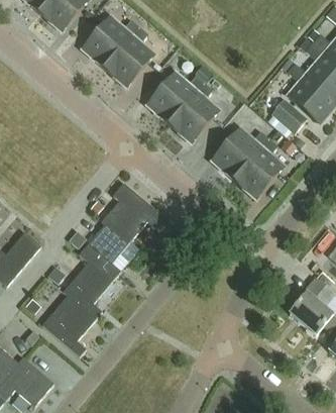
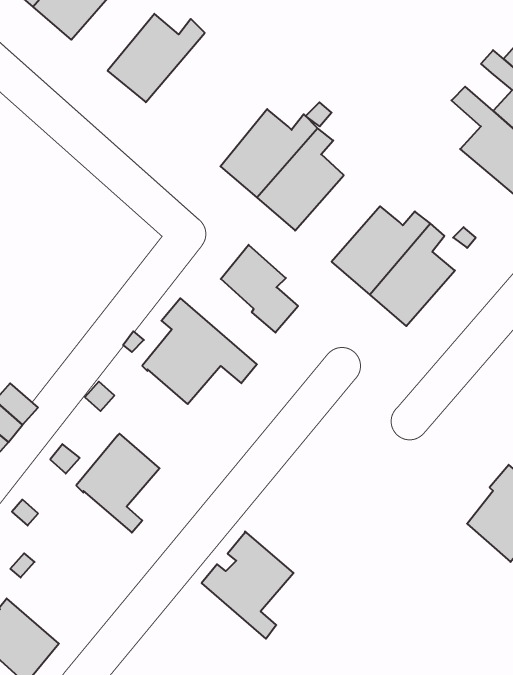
building: [104,26,153,86] -> none
building: [271,97,308,132] -> none
building: none -> [221,245,298,333]
building: [79,222,128,280] -> none
building: [42,293,96,355] -> [202,531,294,639]

